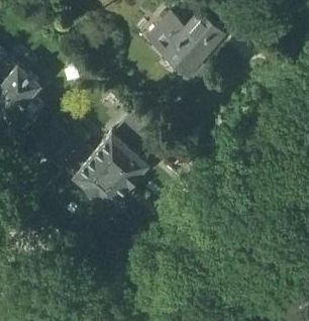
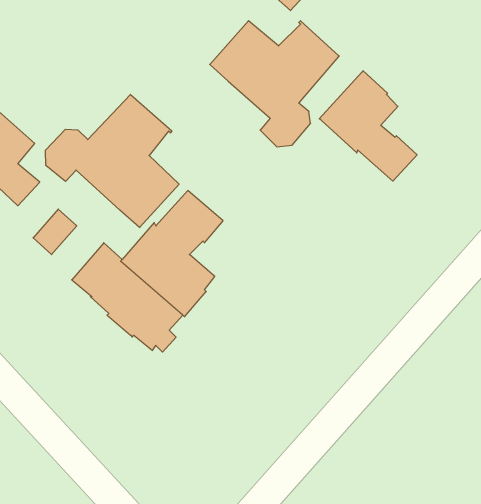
building: none -> [319,71,417,181]
building: none -> [46,94,179,228]

